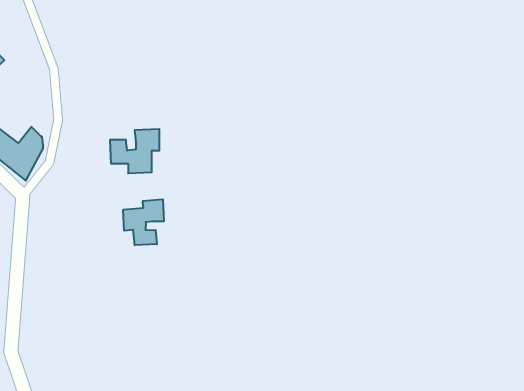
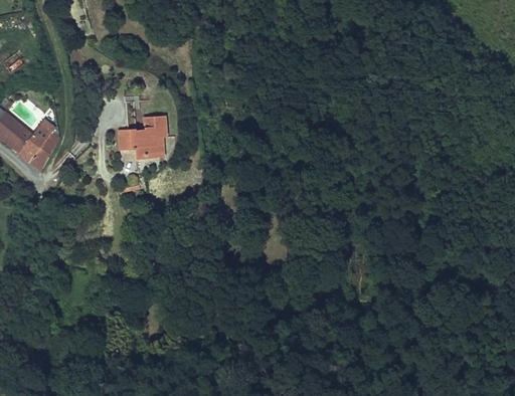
building: [123,199,164,245] -> none

